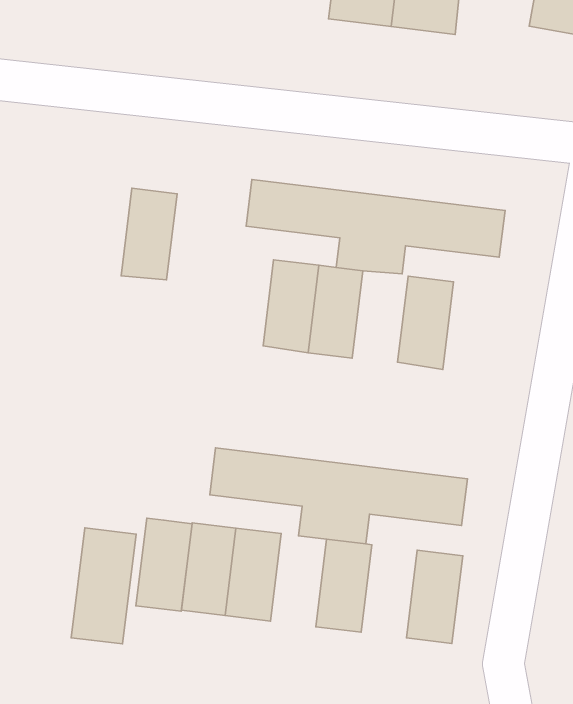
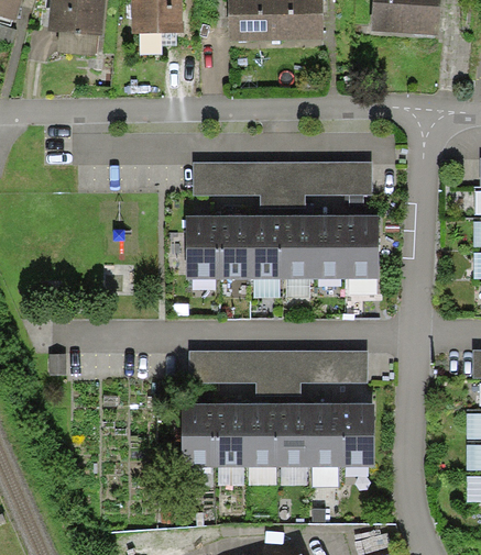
building: [121,188,177,280] -> [184,215,216,277]
building: none -> [278,214,310,277]
building: none -> [342,215,374,277]
building: [136,518,192,611] -> [244,404,276,466]
building: [71,528,136,644] -> none
building: none -> [308,404,340,466]

